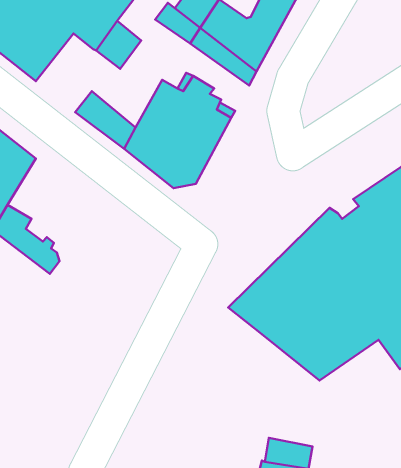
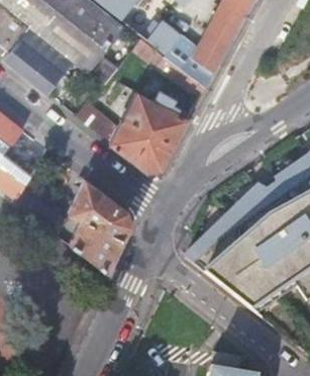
building: none -> [68,179,129,272]

